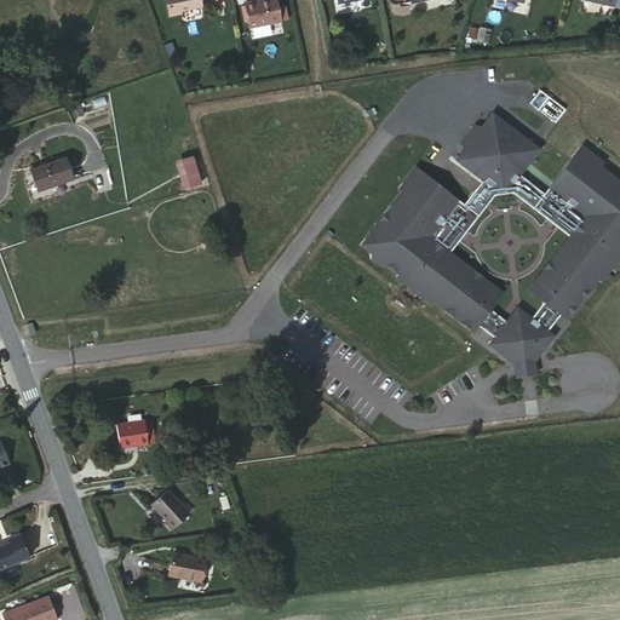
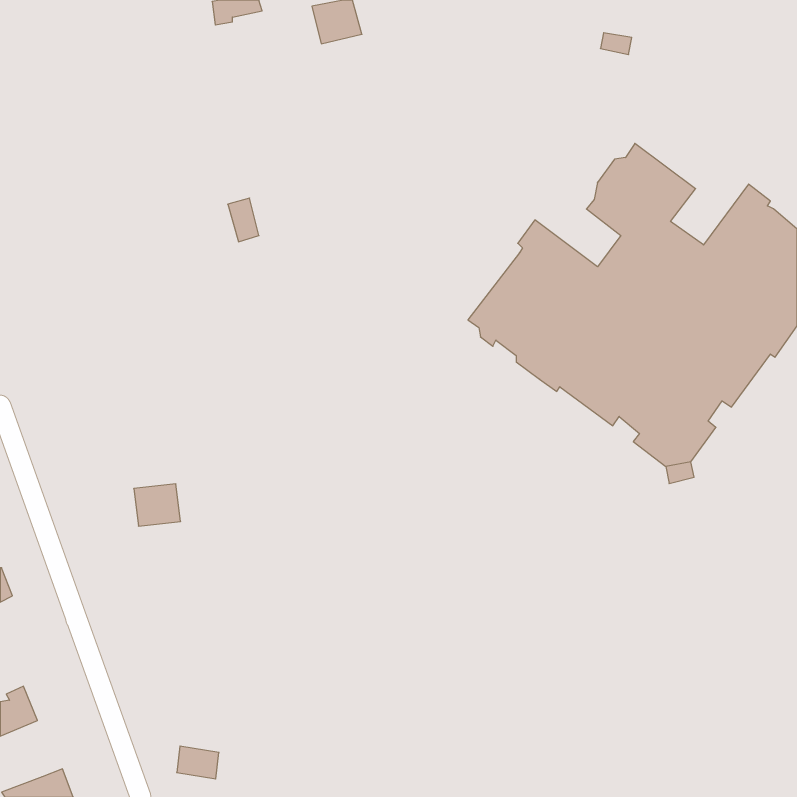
building: [29,160,70,194] -> none
building: [111,419,148,452] -> [134,484,181,526]
building: [149,492,184,527] -> none
building: [171,556,203,581] -> [177,746,219,779]

